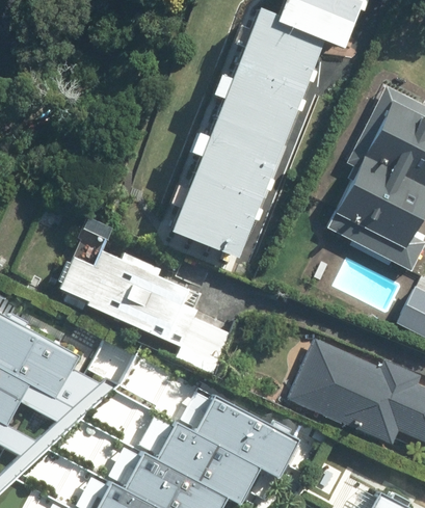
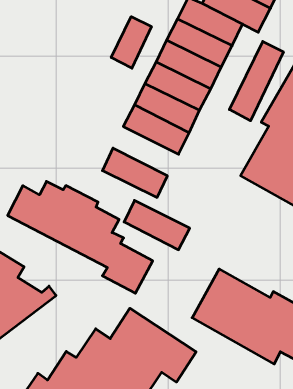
building: none -> [111,17,151,68]
building: none -> [229,41,283,121]
building: [178,176,258,231] -> [124,200,190,250]

